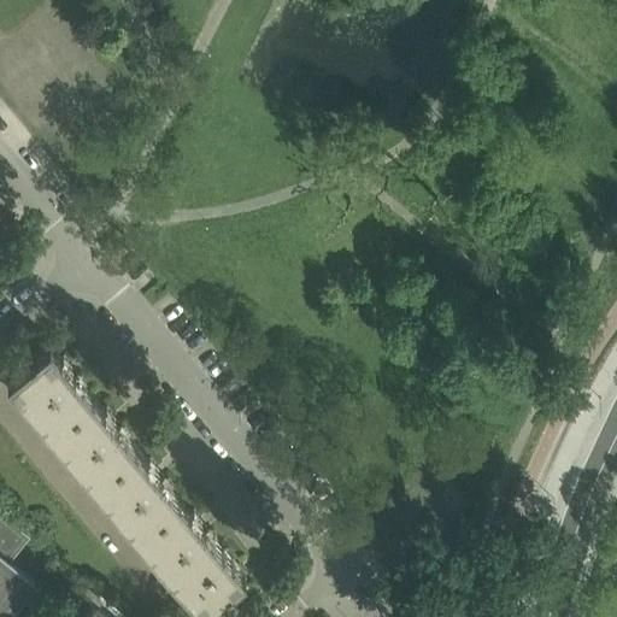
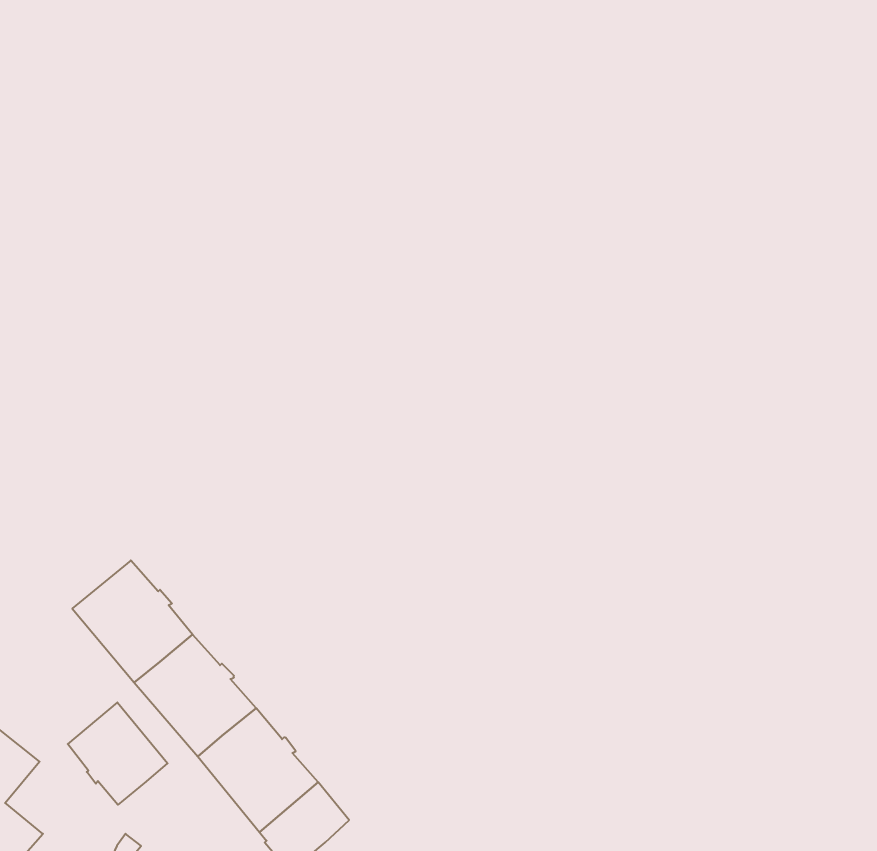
building: [8,360,92,446] -> none
building: none -> [68,702,168,805]

